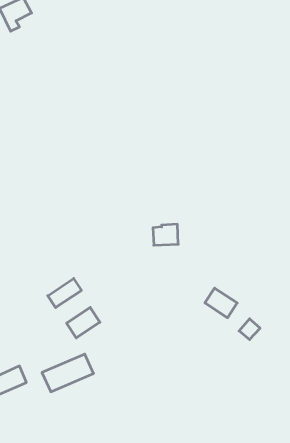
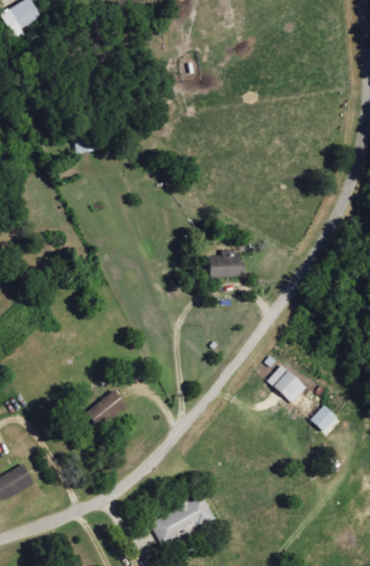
building: [153,224,178,245] -> [210,250,243,277]
building: [48,278,81,308] -> none
building: [42,354,94,392] -> [151,497,216,545]

